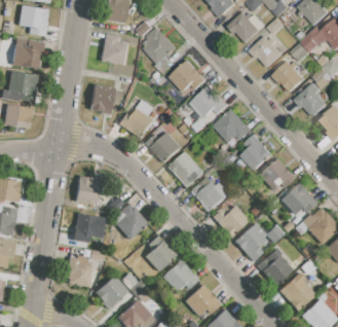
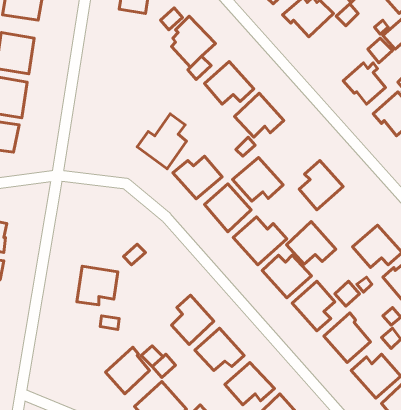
building: [100,34,128,65] -> none
building: [250,35,281,67] -> none
building: [89,84,115,113] -> none
building: [213,108,251,141] -> [233,157,283,201]
building: [258,157,295,189] -> [286,222,336,264]
building: [75,176,100,204] -> none
building: [111,203,147,239] -> none
building: [65,255,91,287] -> none

